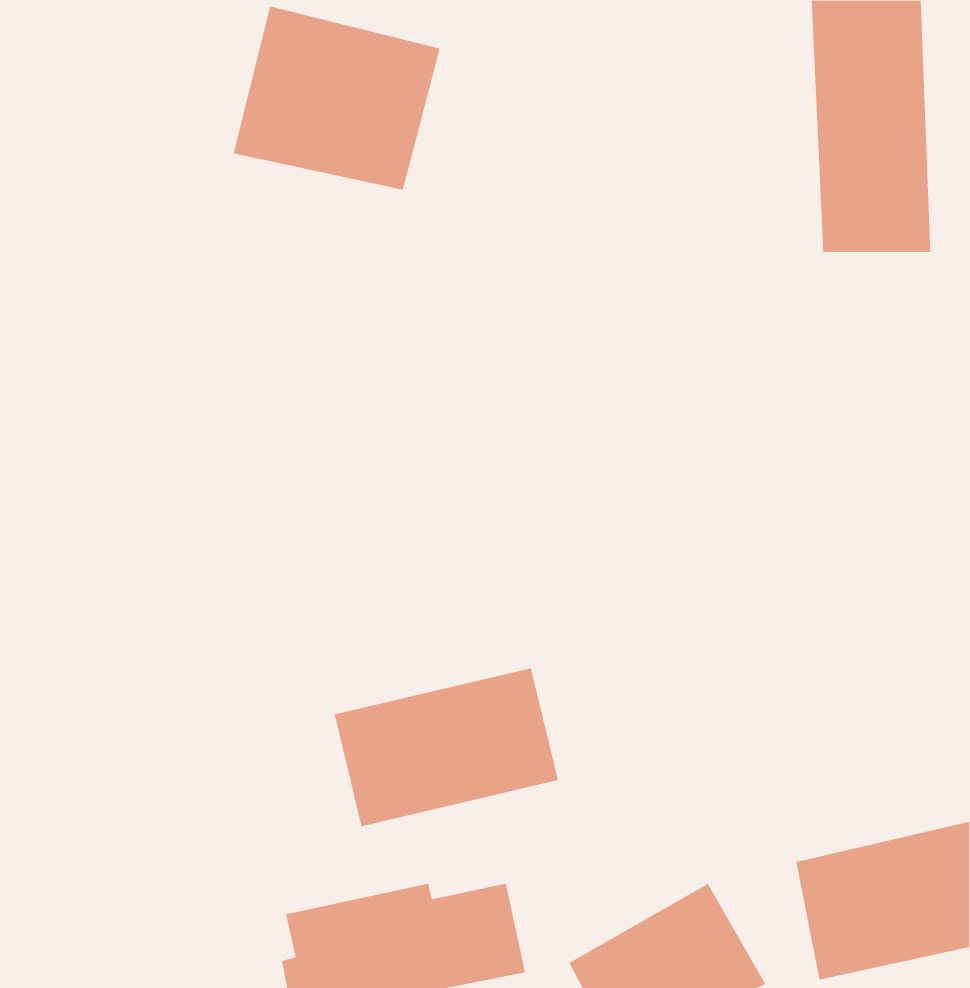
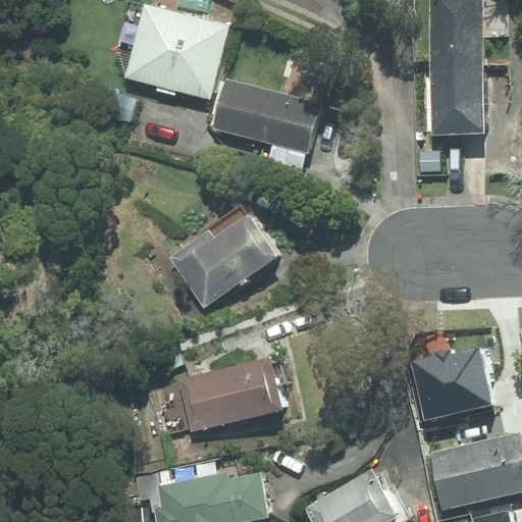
building: none -> [211,79,330,158]
building: none -> [172,205,288,306]
building: none -> [402,349,483,423]

